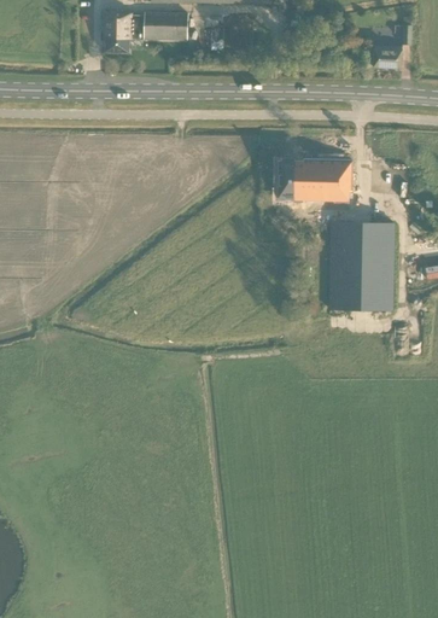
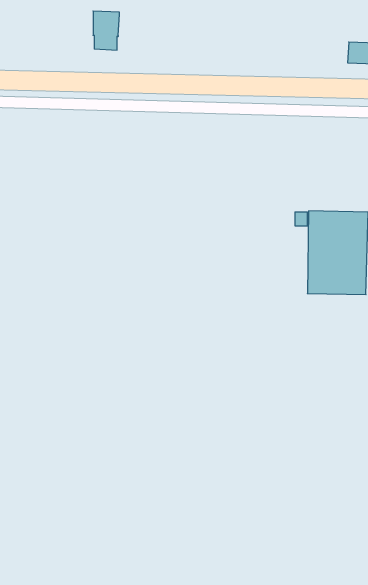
building: [133,13,189,40] -> none
building: [280,158,355,203] -> none

